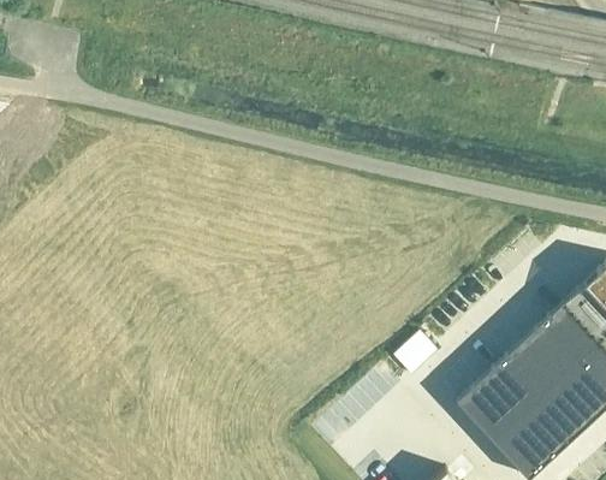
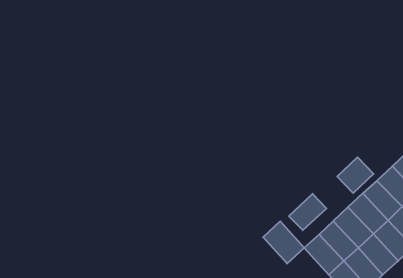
building: none -> [337,157,374,193]
building: none -> [289,194,326,230]
building: none -> [263,221,304,264]

